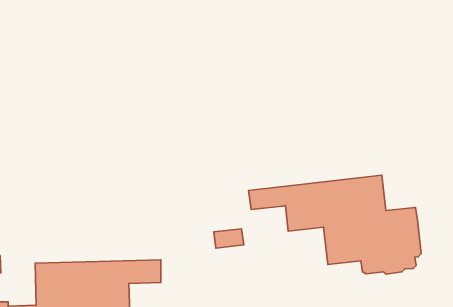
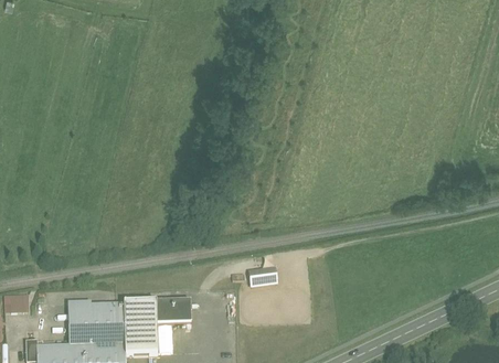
building: [248,175,421,274] -> none

